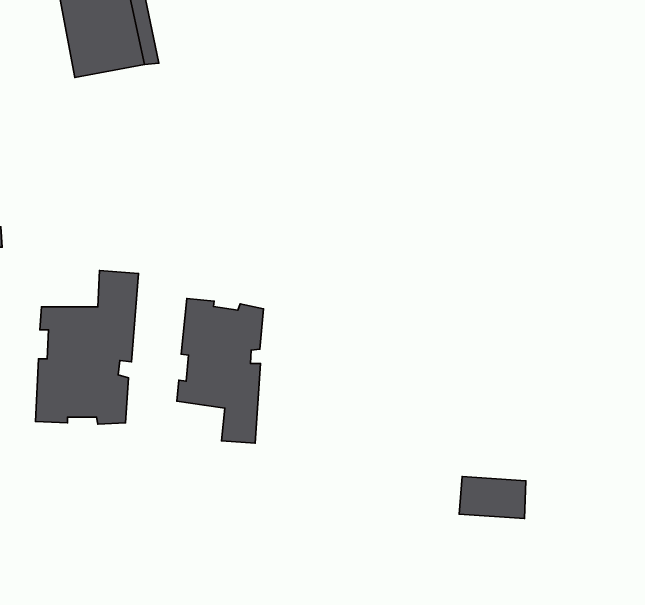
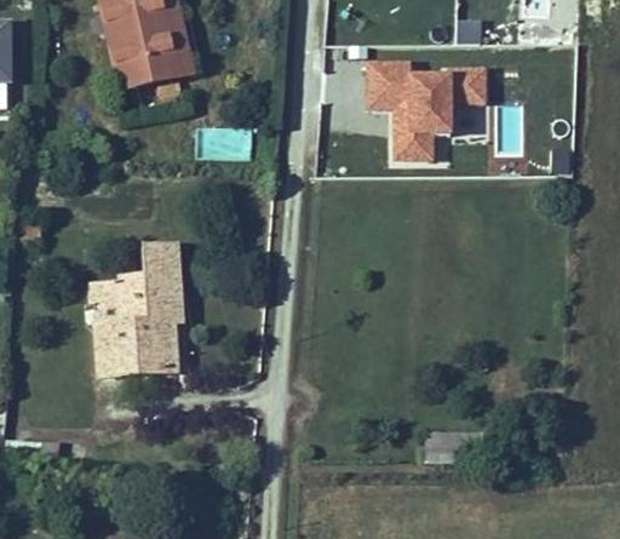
building: none -> [379,56,501,157]
building: [177,298,263,443] -> none

